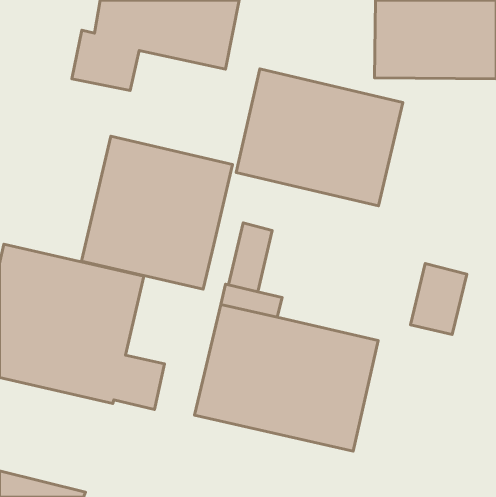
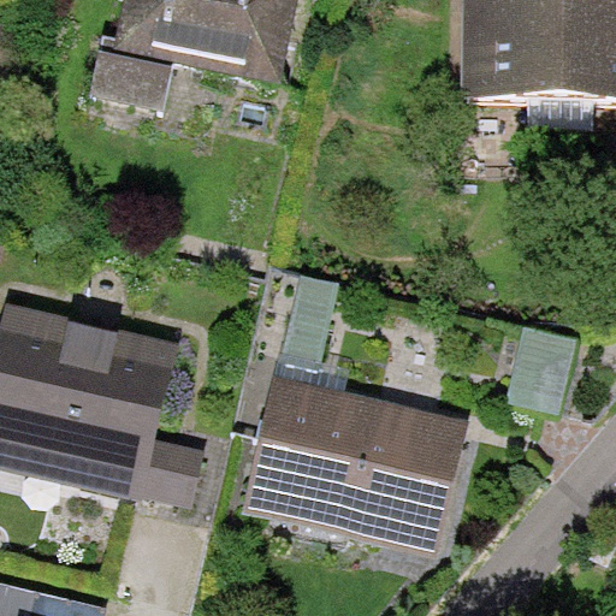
building: [236,69,403,206] -> none
building: [81,136,232,289] -> none

